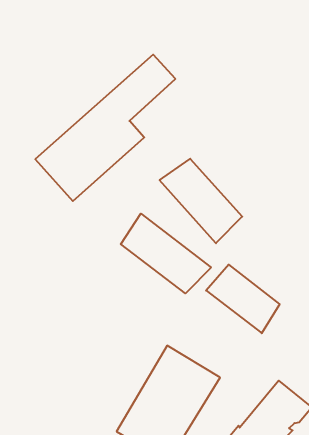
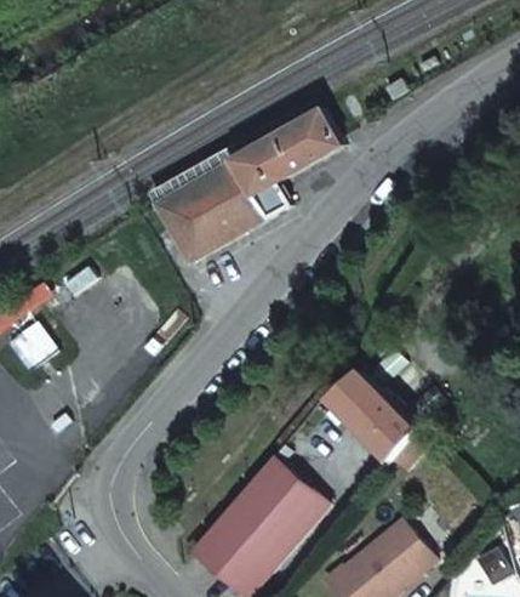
building: [160,159,242,243] -> none
building: [121,214,211,293] -> none

